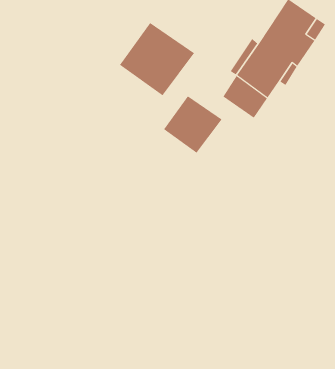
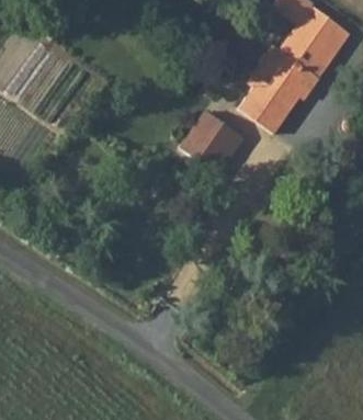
building: [119,22,195,96] -> none

